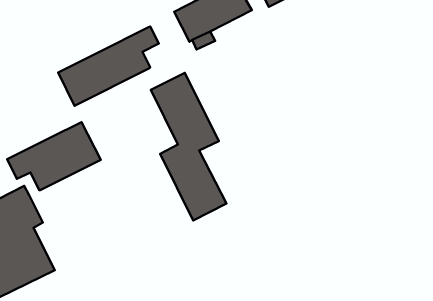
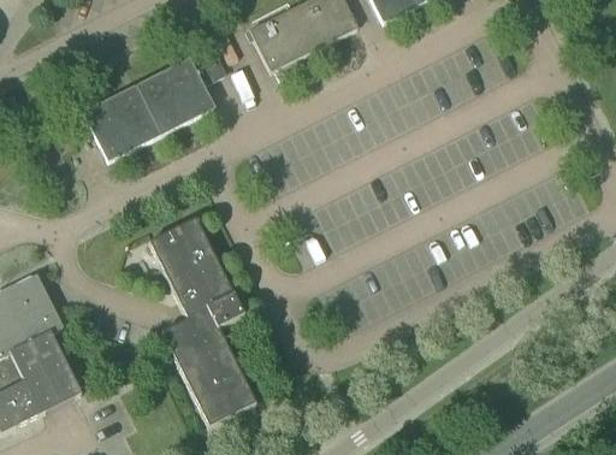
building: [151,73,227,220] -> [148,217,255,425]
building: [7,122,101,190] -> none

